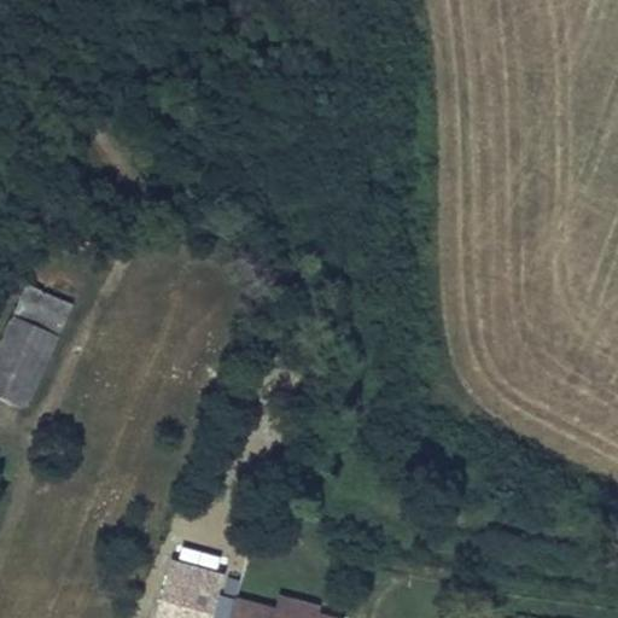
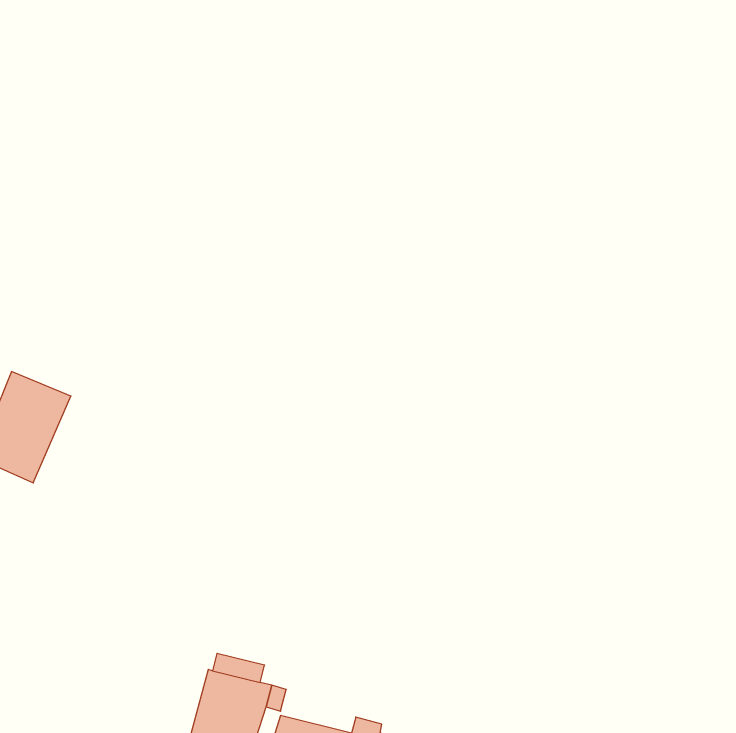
building: [10,285,71,336] -> none

